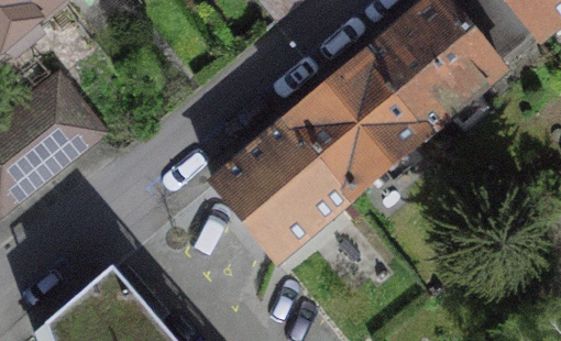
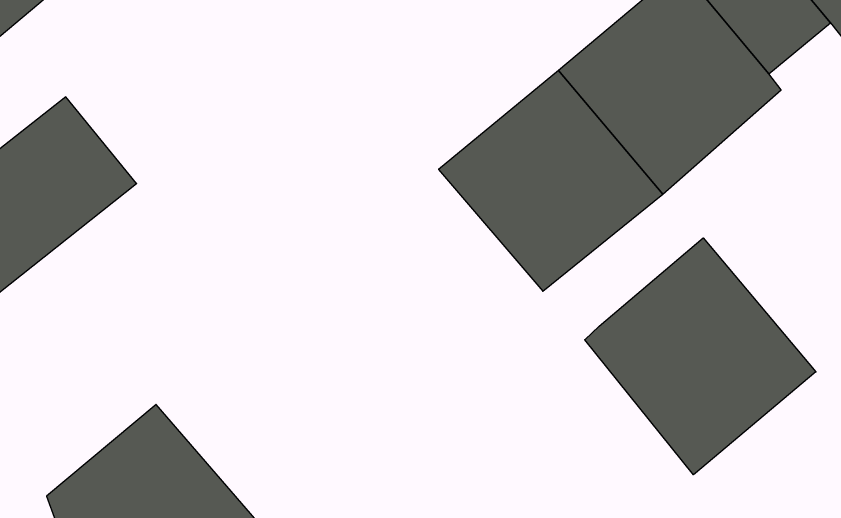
building: [212,120,353,260] -> none
building: none -> [585,238,816,475]

